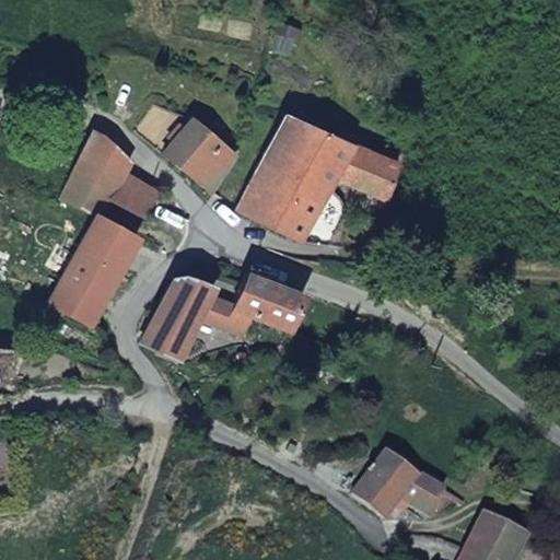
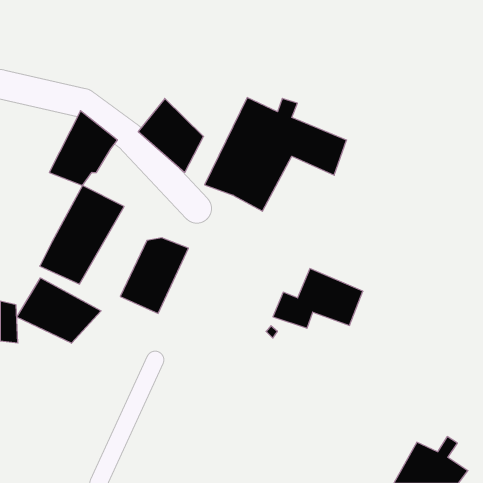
building: [113,172,160,218] -> none
building: [206,268,310,337] -> [273,269,363,328]
building: none -> [17,278,101,343]
building: [347,454,463,526] -> none

